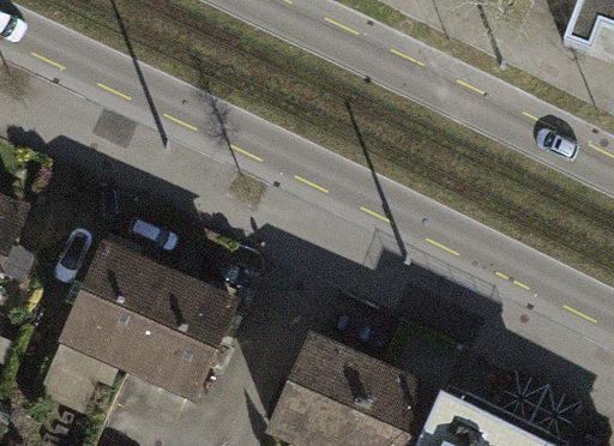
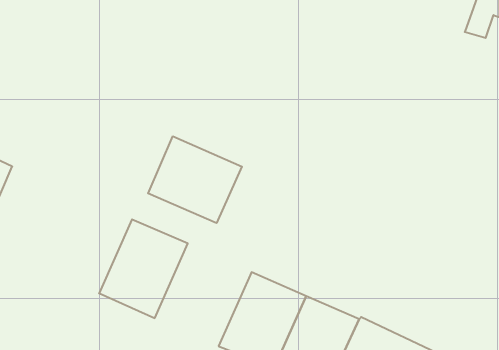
building: none -> [148,136,242,223]
building: [60,249,165,368] -> none

